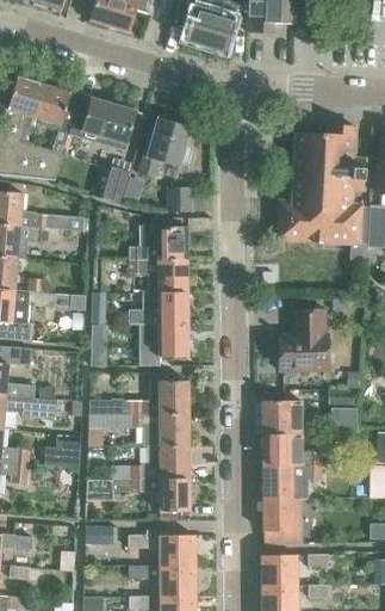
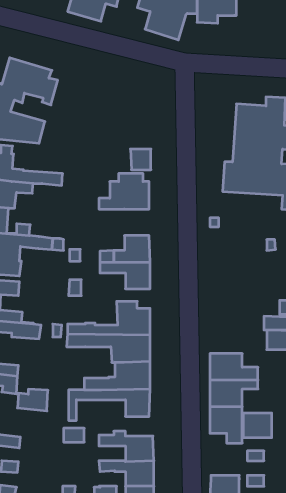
building: [69,97,136,150] -> none
building: [139,117,191,178] -> none
building: [92,167,129,203] -> none
building: [128,260,188,292] -> none
building: [280,311,329,372] -> none
building: [262,402,302,436] -> none
building: [43,442,80,468] -> [17,389,48,411]
building: [262,554,298,584] -> [242,413,272,438]

